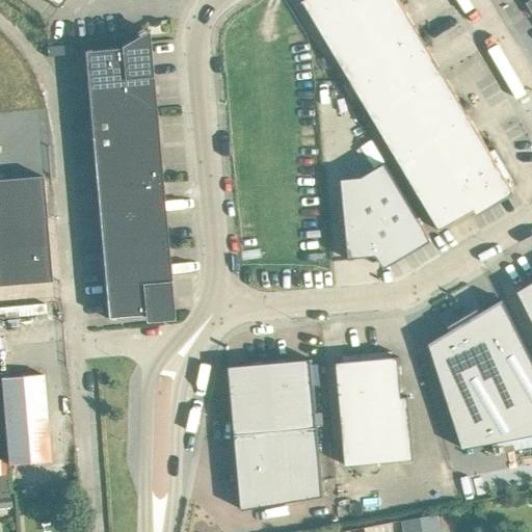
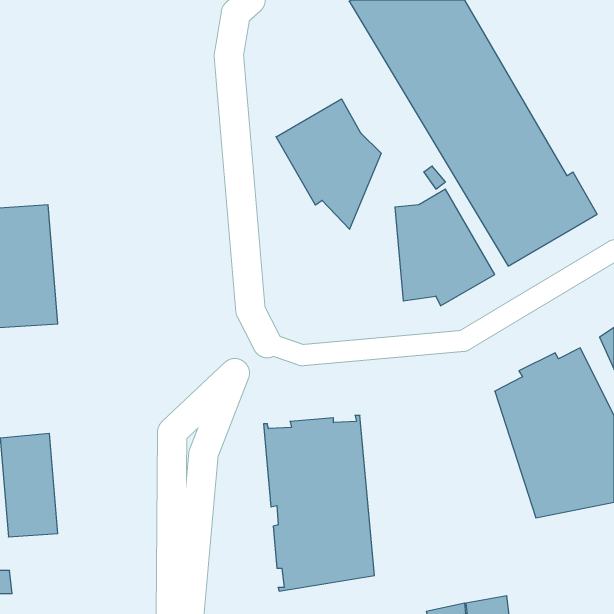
building: [82,31,172,323] -> none
building: none -> [276,99,381,229]
building: [335,352,414,467] -> none

